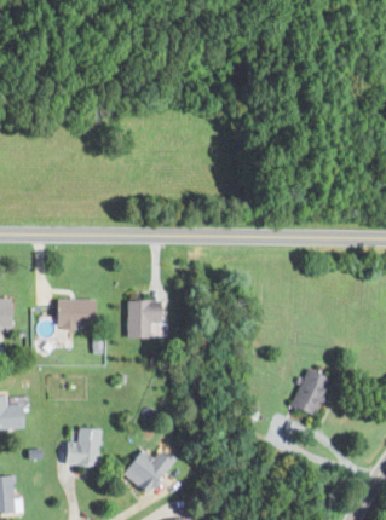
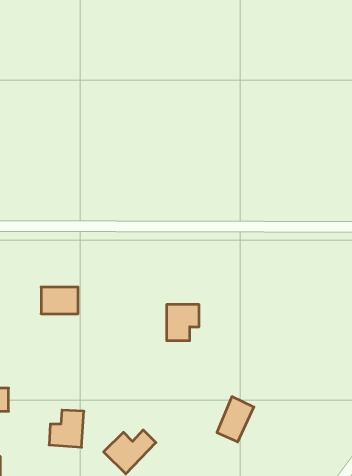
building: [127,301,161,339] -> [167,305,199,341]
building: [292,369,330,416] -> [217,397,254,442]

